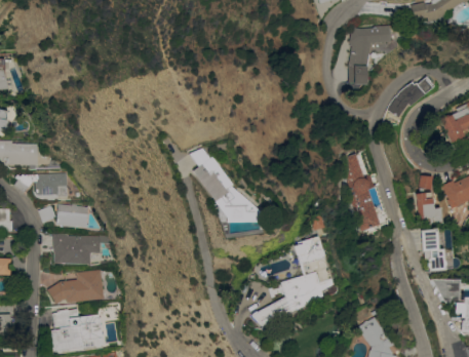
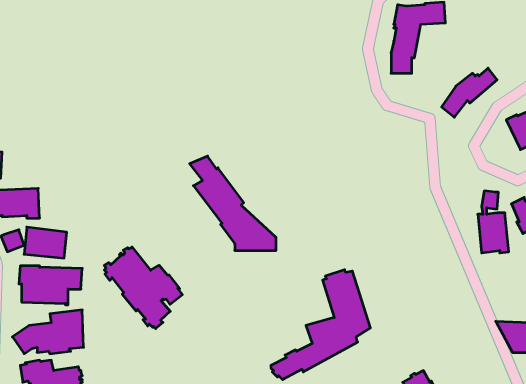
building: [347,154,389,232] -> none
building: none -> [104,247,182,329]
building: [420,229,444,272] -> none

